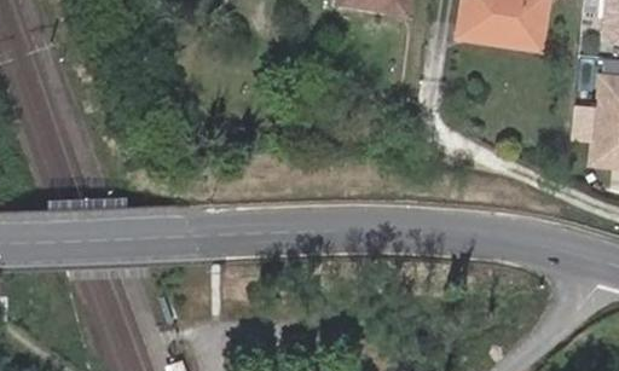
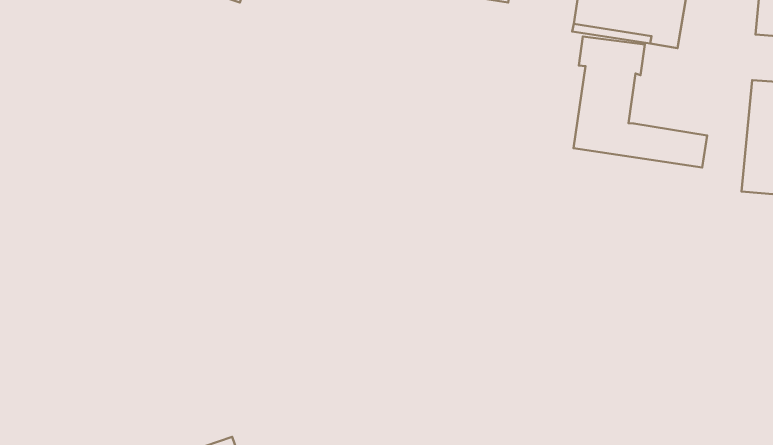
building: none -> [574,37,707,167]

